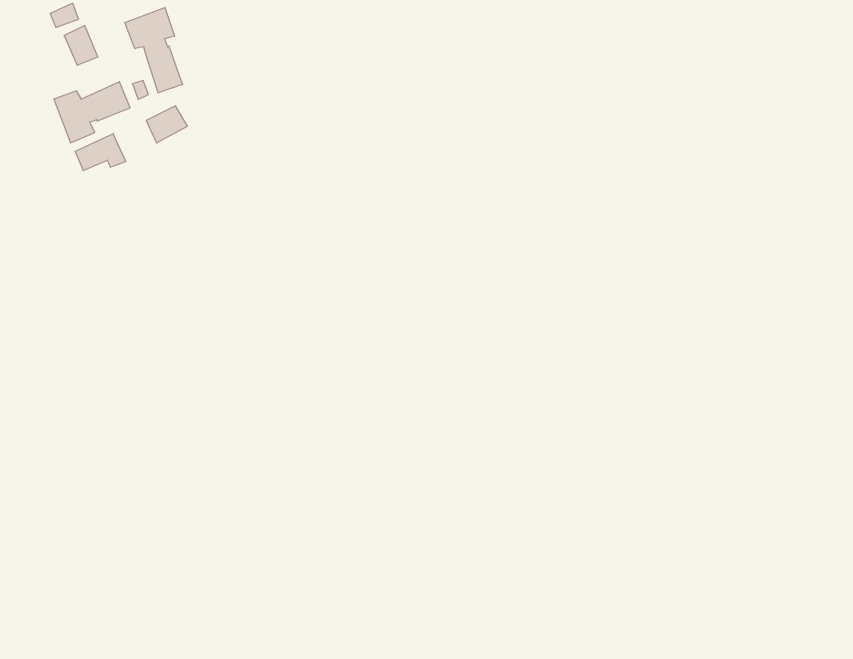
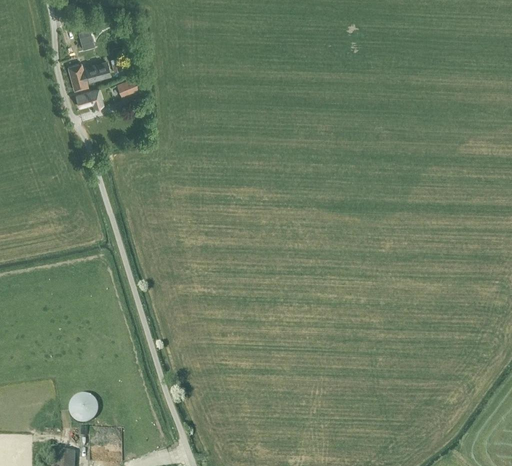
building: [125,7,183,93] -> none

